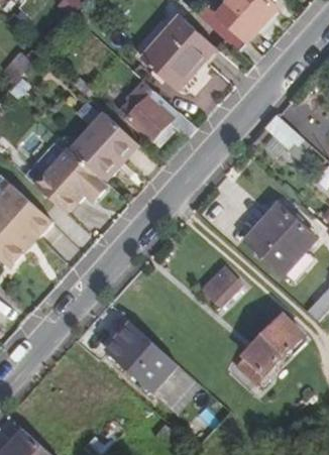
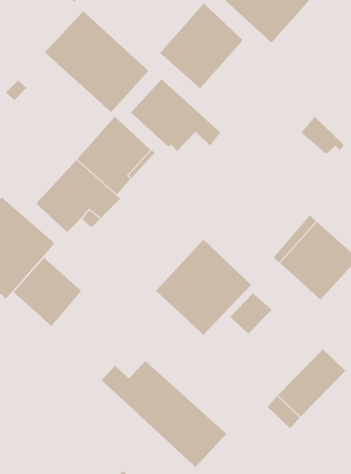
building: none -> [44,10,149,113]
building: none -> [155,239,252,335]
building: none -> [13,257,82,327]

